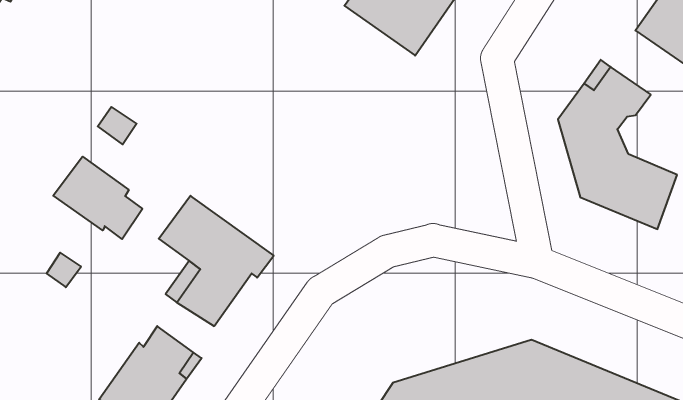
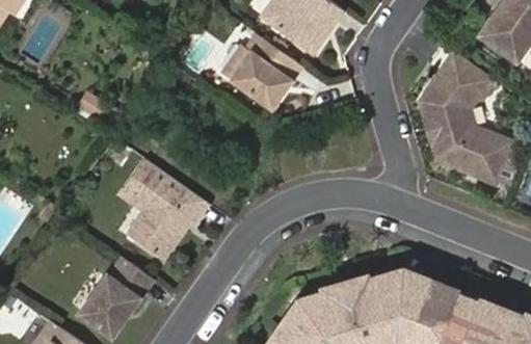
building: none -> [222,35,302,108]
building: [53,157,142,239] -> none

